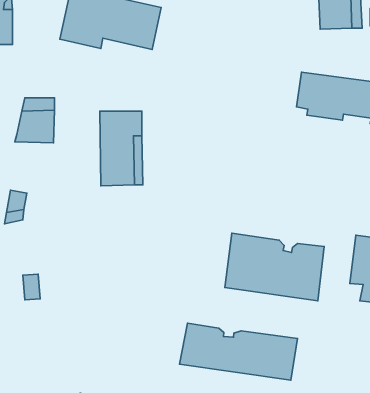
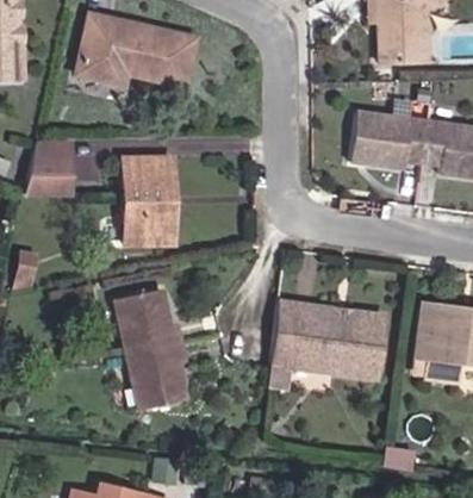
building: none -> [112,288,186,410]
building: [180,323,298,380] -> none

